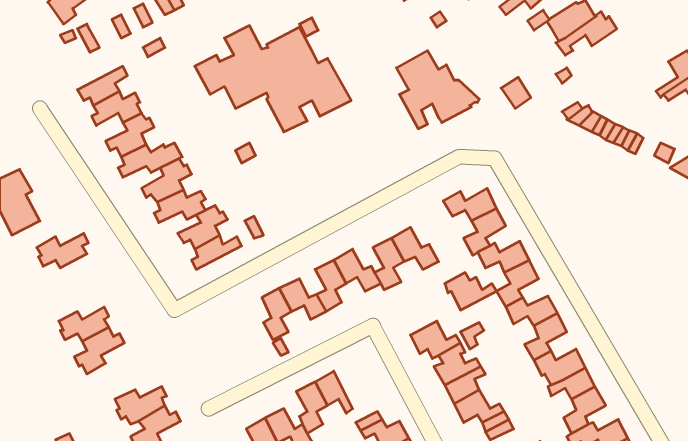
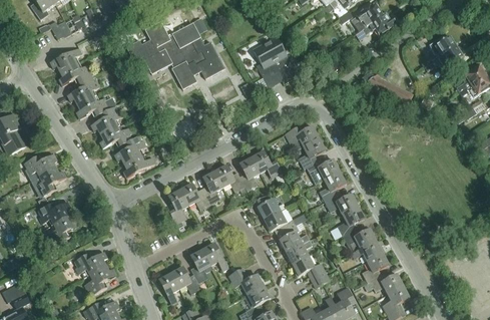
building: none -> [34,168,66,197]
building: [445,273,496,310] -> [254,196,287,220]

